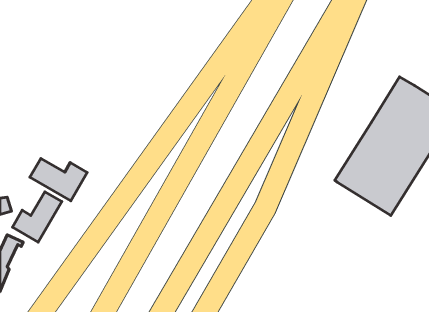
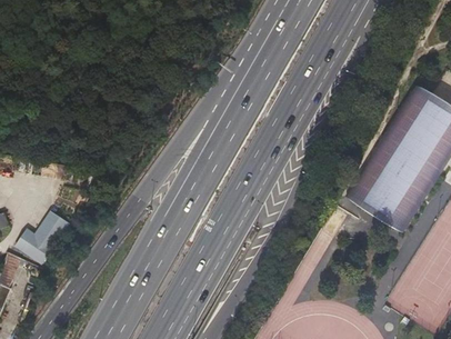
building: [30,159,87,201] -> none

